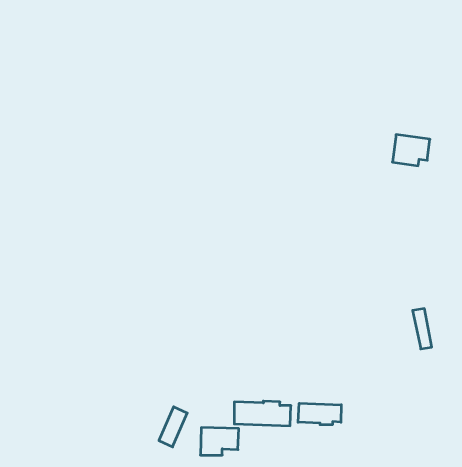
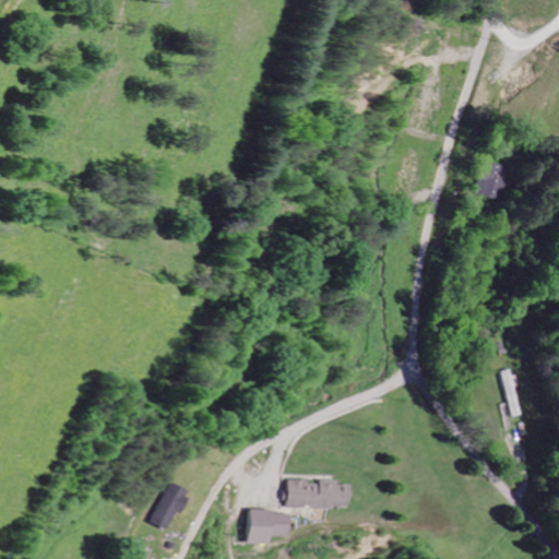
building: [298,403,341,425] -> none
building: [159,407,187,447] -> [152,481,186,530]

